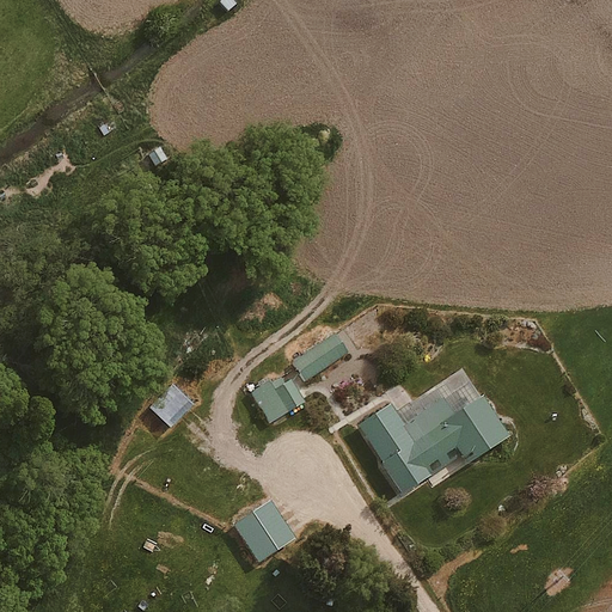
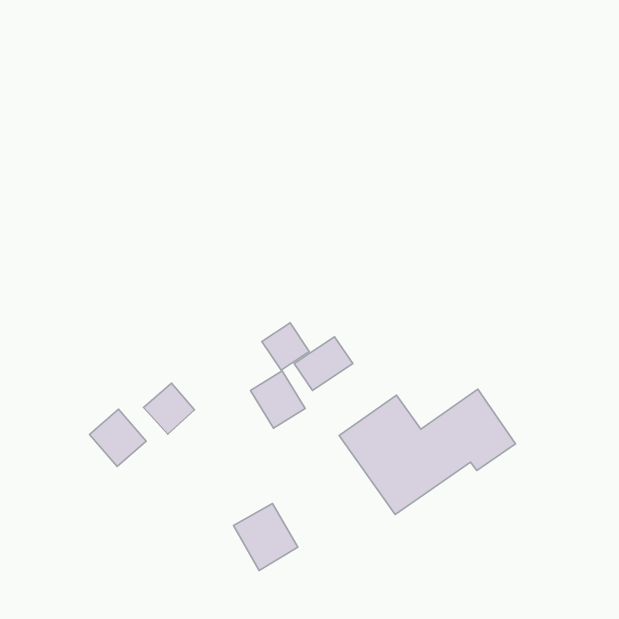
building: none -> [262,323,309,370]
building: none -> [89,409,146,467]

